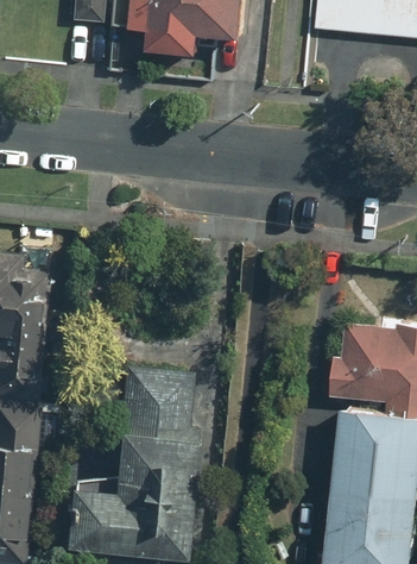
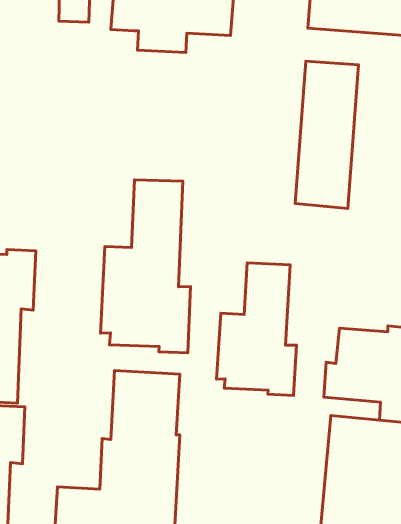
building: none -> [295,61,358,208]
building: none -> [101,180,191,353]
building: none -> [216,263,296,396]

